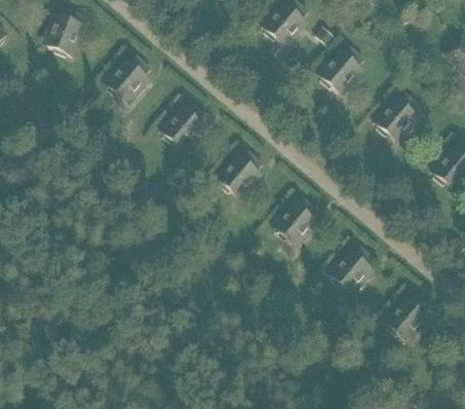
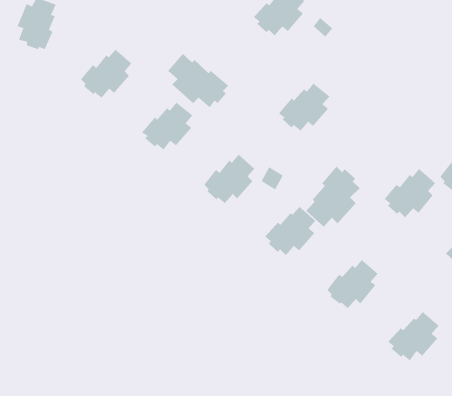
building: [316,45,363,89] -> [278,83,330,131]
building: none -> [167,53,229,108]
building: [373,92,420,138] -> [384,168,436,218]
building: none -> [305,166,360,227]

